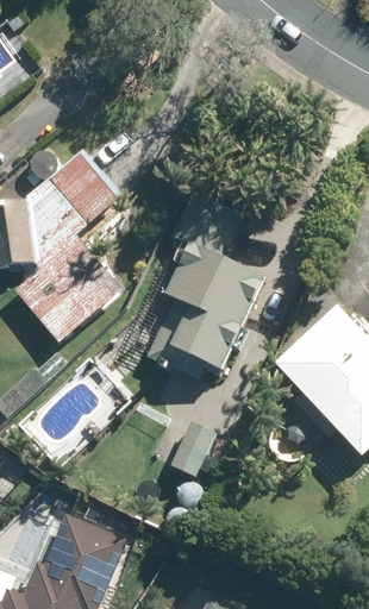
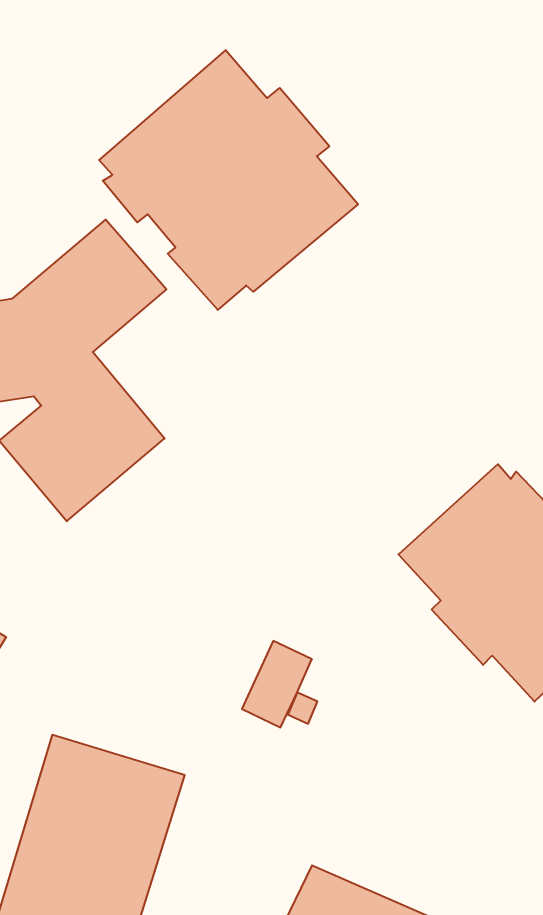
building: none -> [99,50,358,310]
building: [145,192,261,382] -> none

